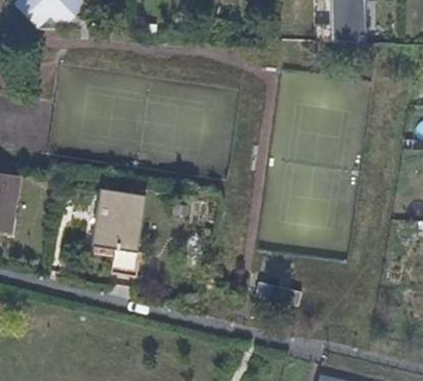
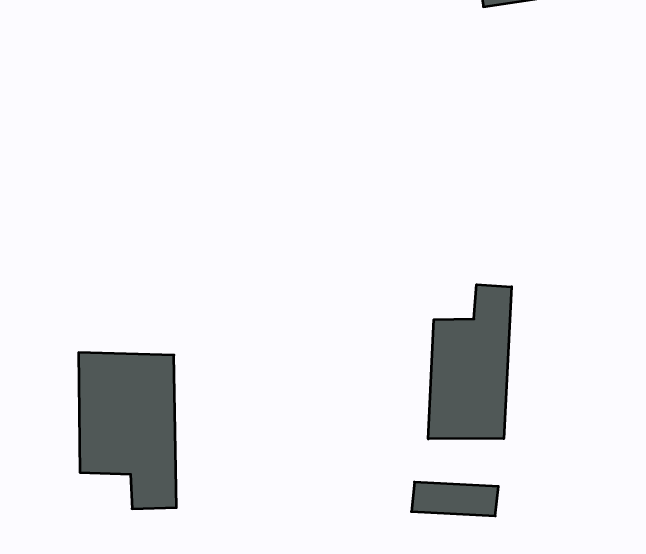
building: none -> [428,285,512,439]

